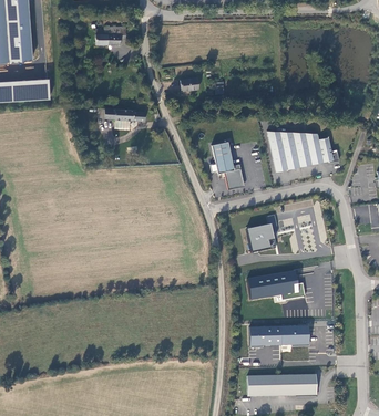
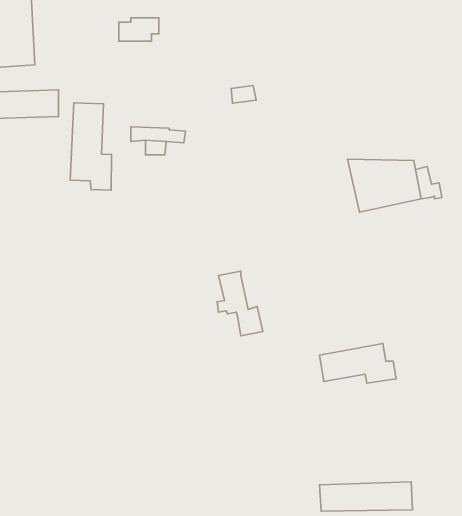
building: none -> [70,103,112,190]
building: [212,142,246,190] -> [217,271,263,336]
building: [246,223,276,252] -> none
building: [249,326,309,346] -> none

